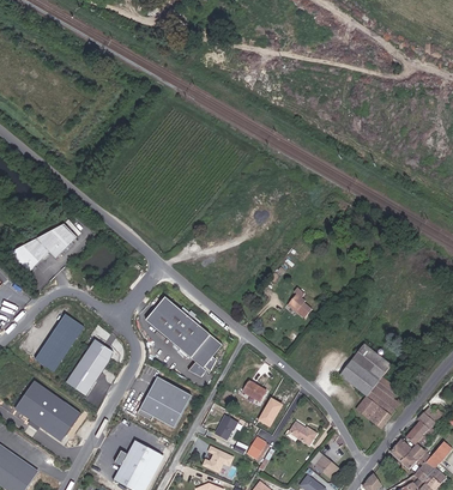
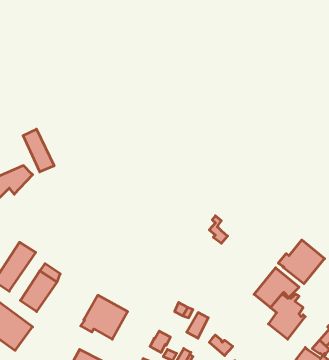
building: none -> [23,129,54,172]
building: [141,300,221,379] -> none
building: none -> [278,240,325,284]

